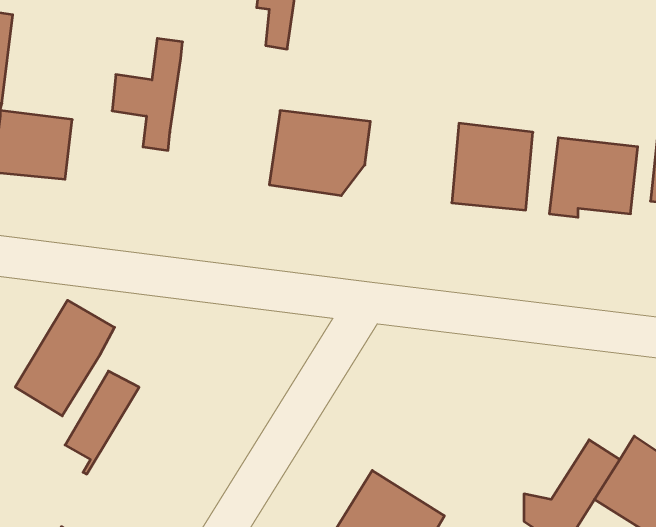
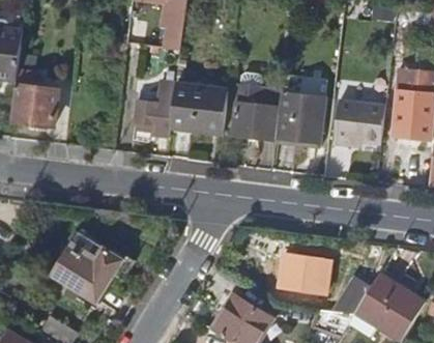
building: [112,38,183,150] -> [139,74,179,138]
building: none -> [231,84,276,139]
building: [15,300,115,416] -> [67,244,124,310]
building: none -> [279,253,329,291]

